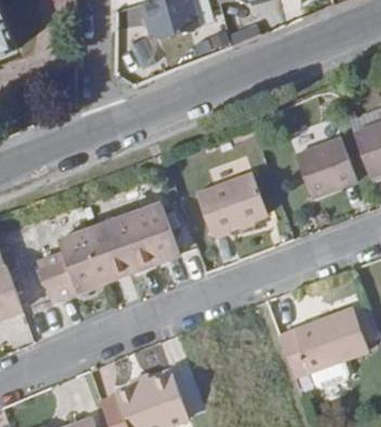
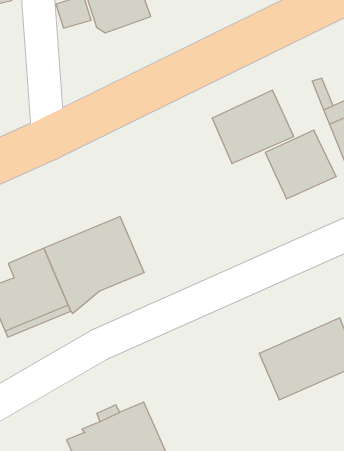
building: [196,172,268,235] -> [212,90,294,164]

